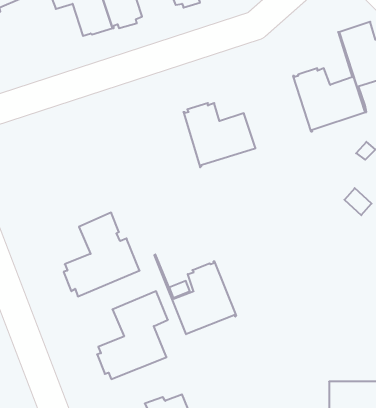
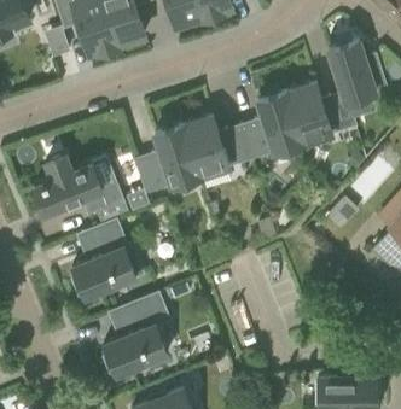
building: none -> [239,93,302,160]
building: none -> [135,127,198,194]
building: none -> [33,157,126,223]
building: [154,254,236,334] -> none

